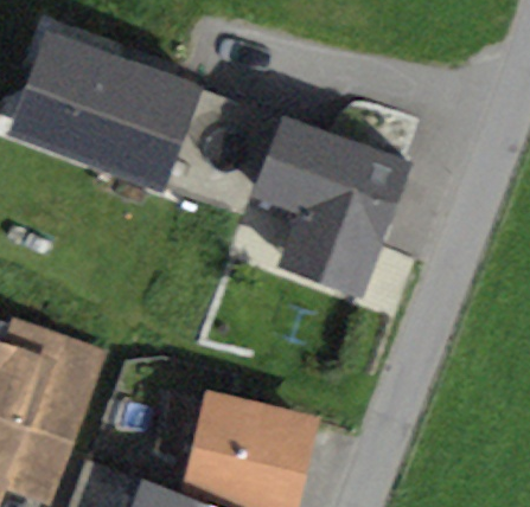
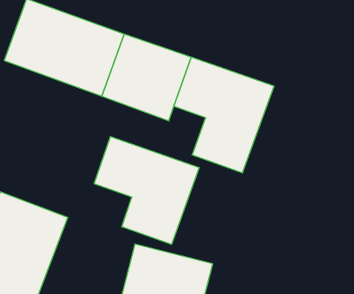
building: none -> [94,137,199,244]

